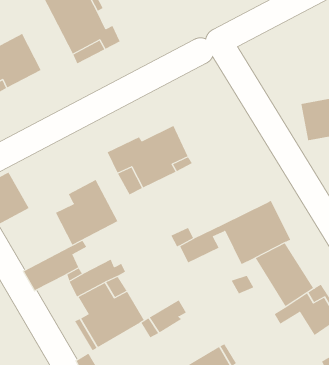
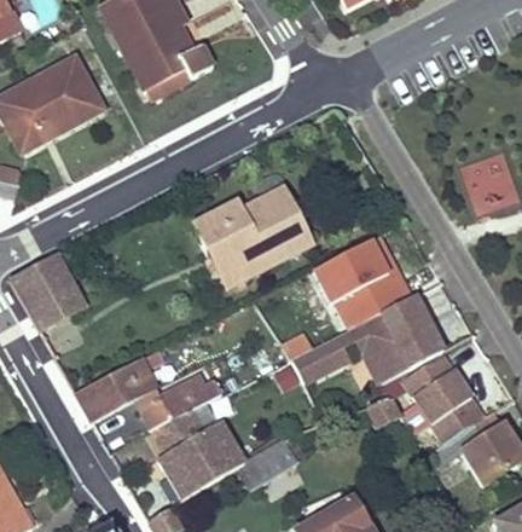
building: none -> [318,235,416,328]
building: [55,179,118,245] -> none

